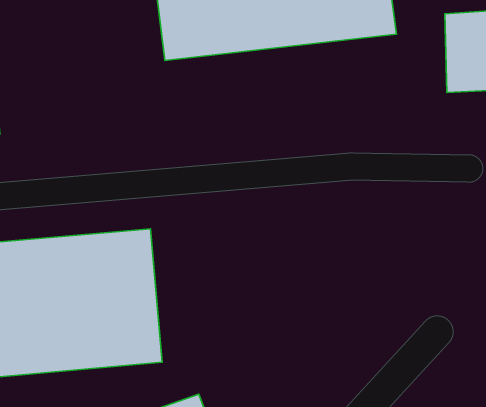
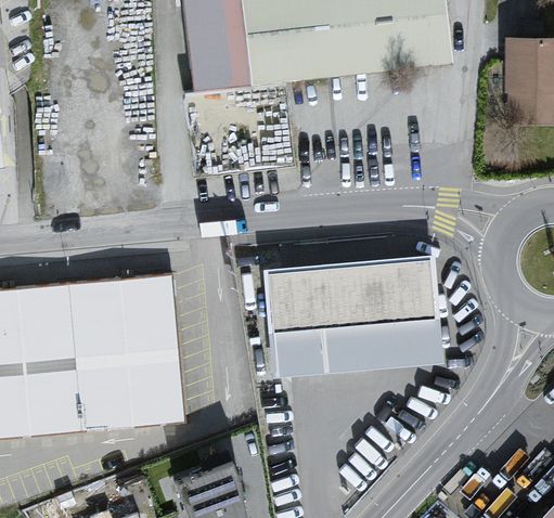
building: none -> [262,252,441,374]

